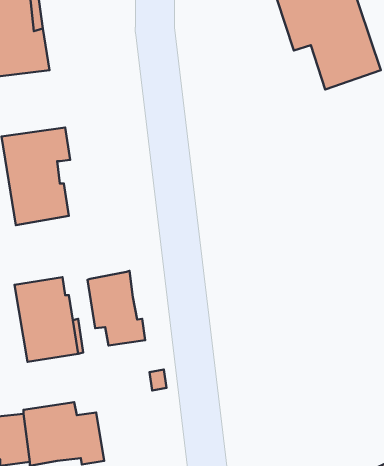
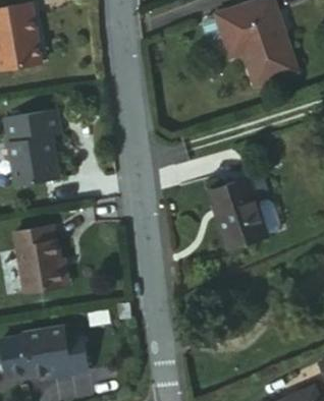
building: none -> [203,175,261,249]
building: [87,271,145,346] -> none

